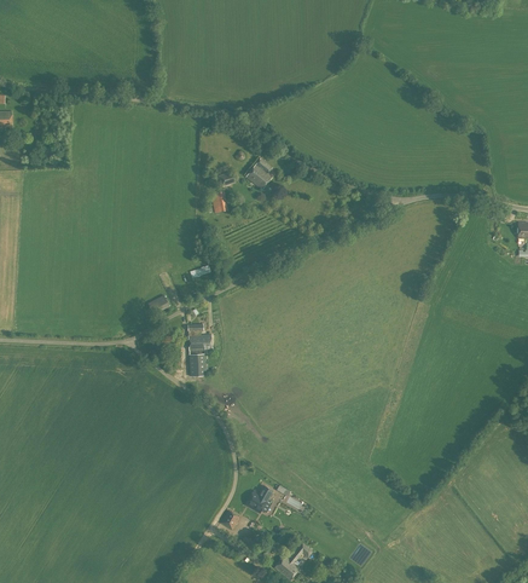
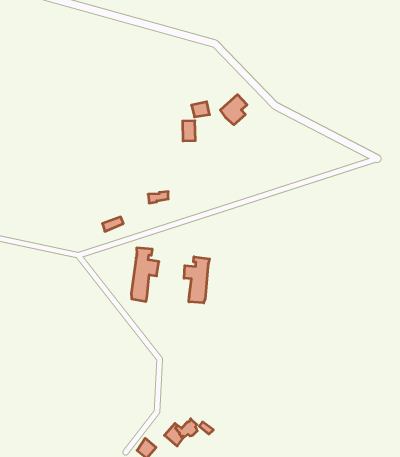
building: none -> [184,257,210,303]

